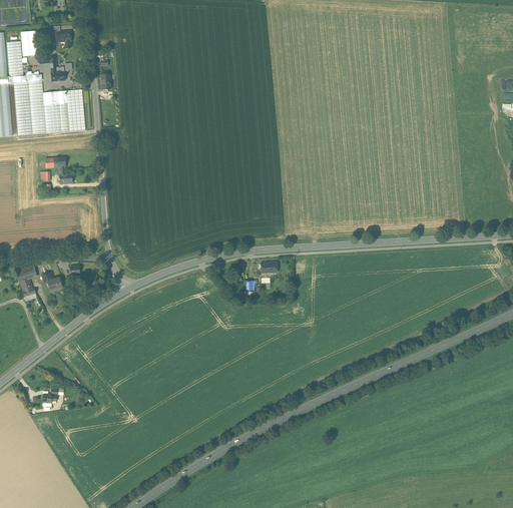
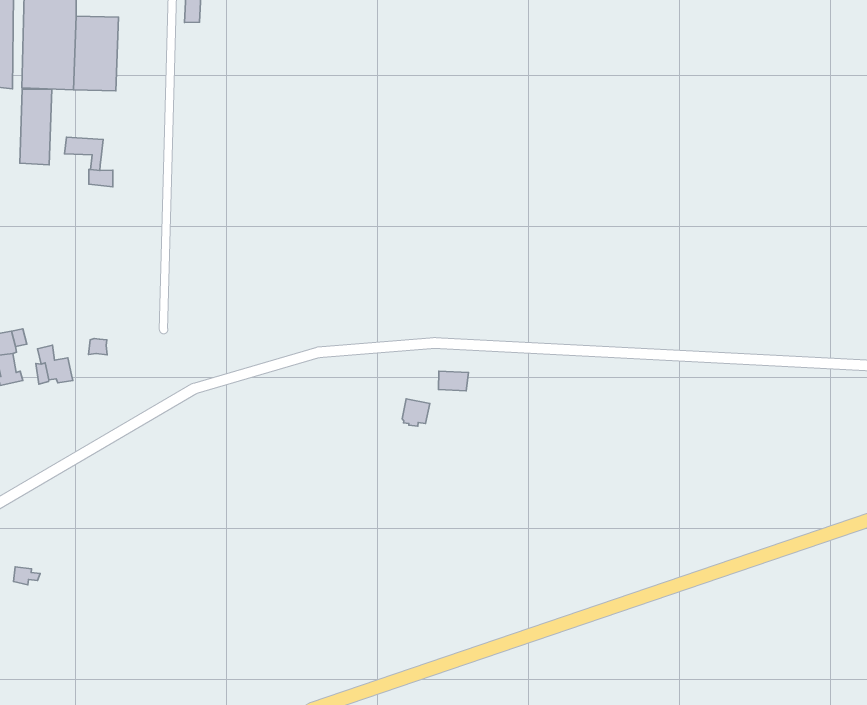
building: [65,88,84,130] -> [20,89,52,165]

